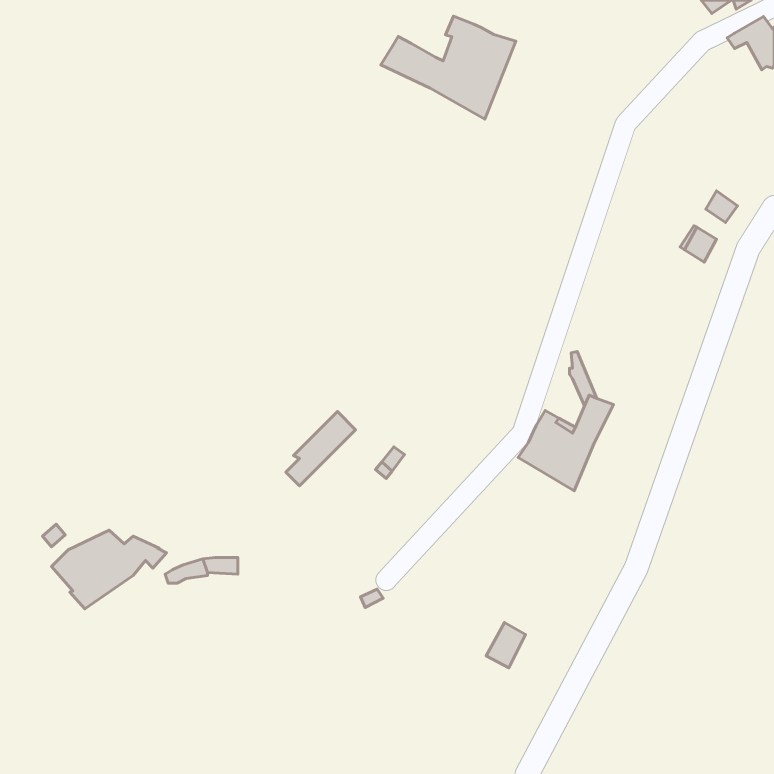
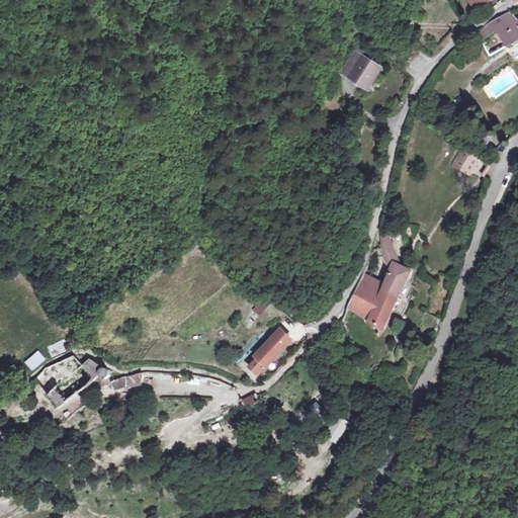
building: [381,16,516,119] -> none
building: none -> [343,54,381,91]
building: [286,412,356,486] -> [244,327,290,376]

